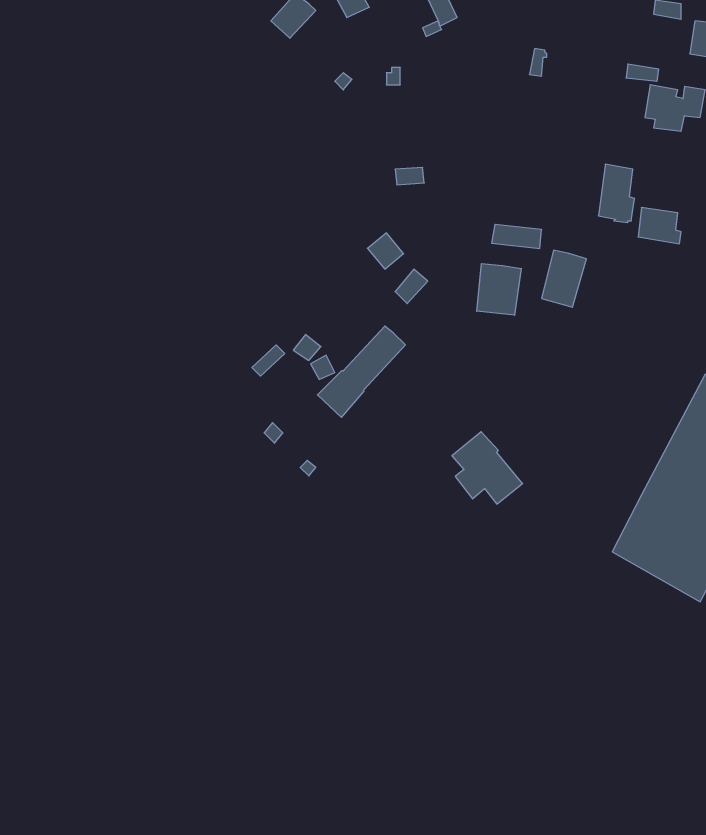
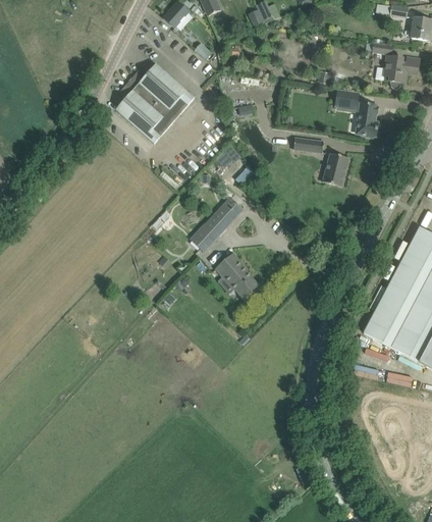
building: none -> [115,63,194,145]
building: [638,208,681,244] -> [334,89,360,110]
building: [477,264,521,315] -> none
building: [452,432,523,504] -> [215,254,257,297]

